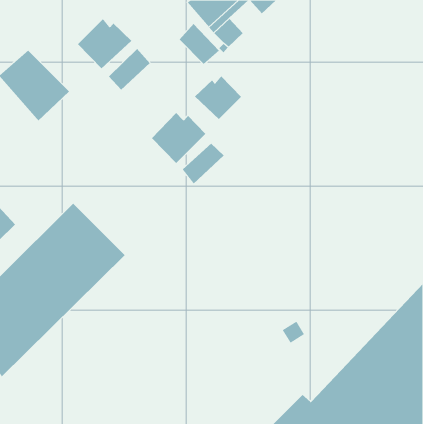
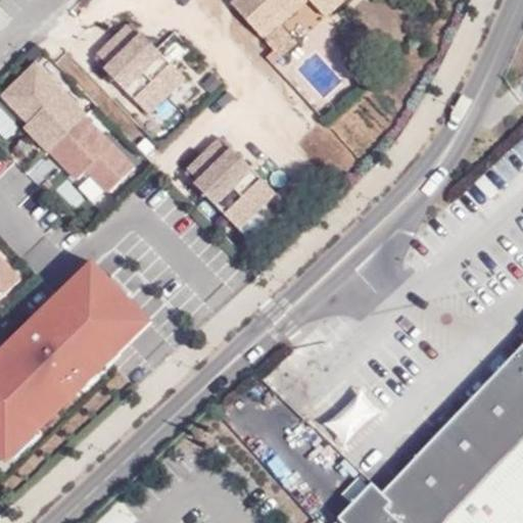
building: [179,23,220,65] -> none
building: [194,76,242,120] -> none
building: none -> [47,113,135,193]

